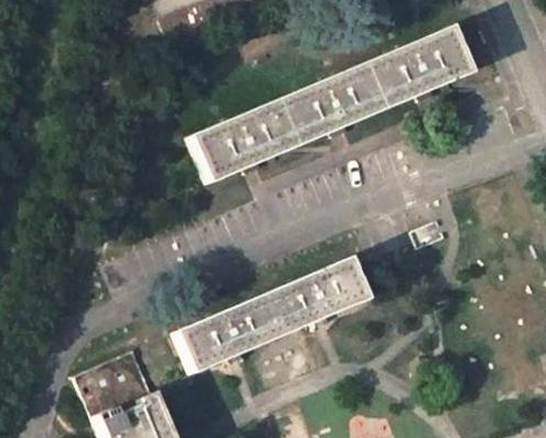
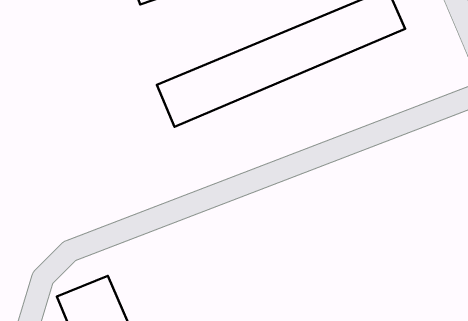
building: [176,260,365,371] -> none

